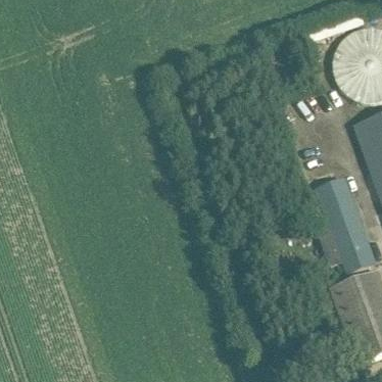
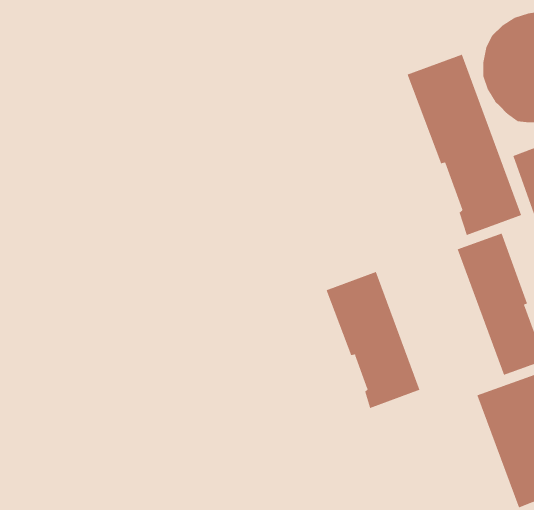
building: none -> [407,54,522,236]
building: none -> [326,271,420,409]

